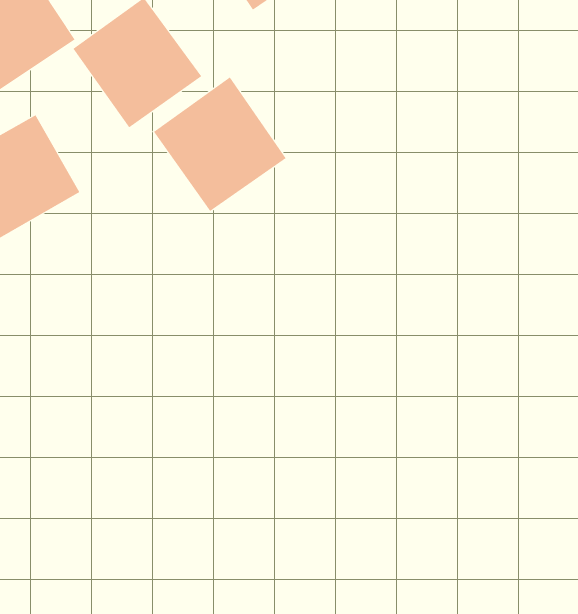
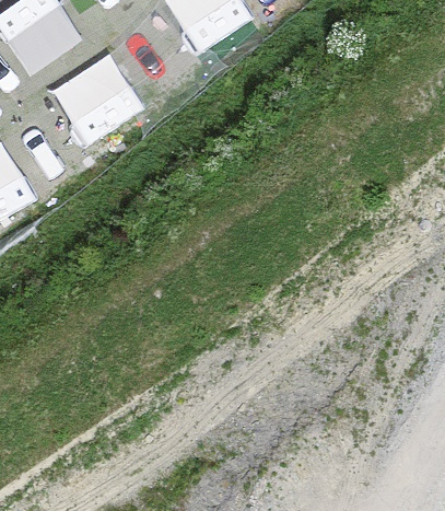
building: [153,76,286,212] -> none

